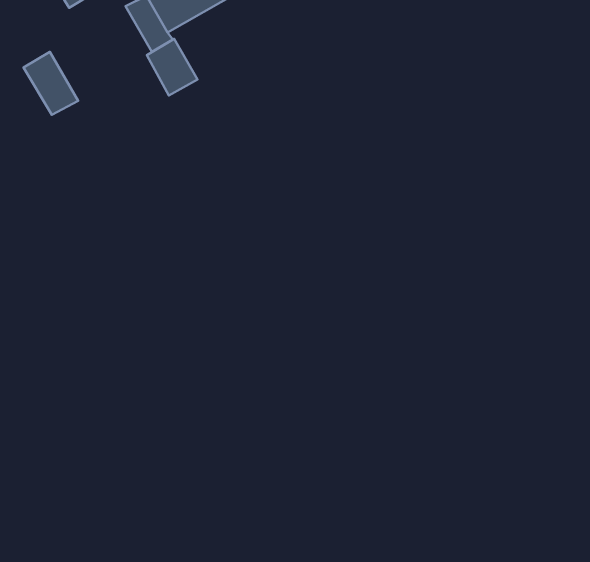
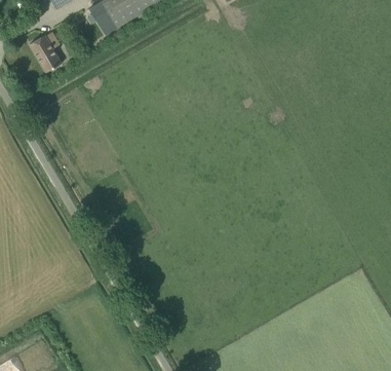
building: [147,39,198,95] -> none

